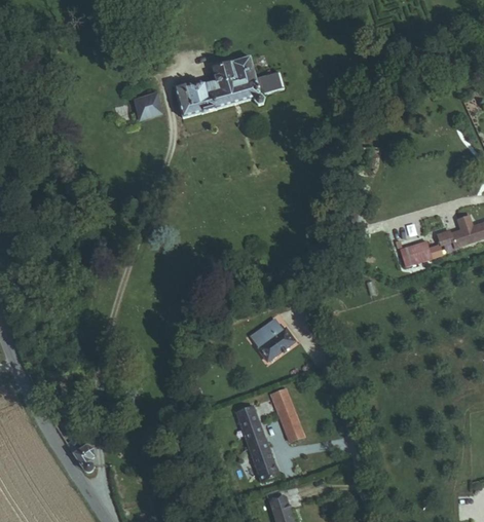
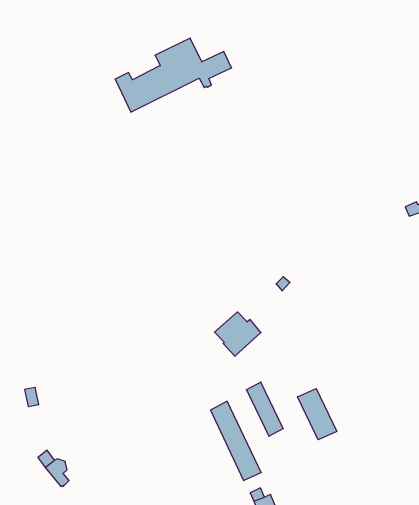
building: [136,94,162,118] -> none
building: [400,239,433,266] -> none
building: none -> [298,389,337,440]

